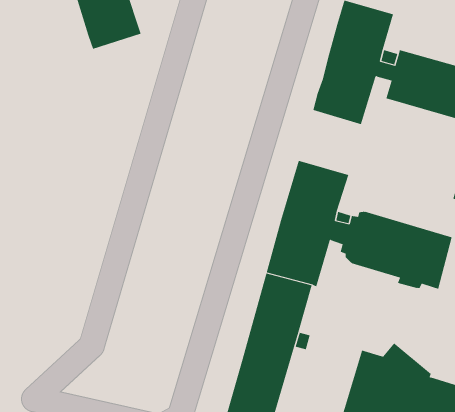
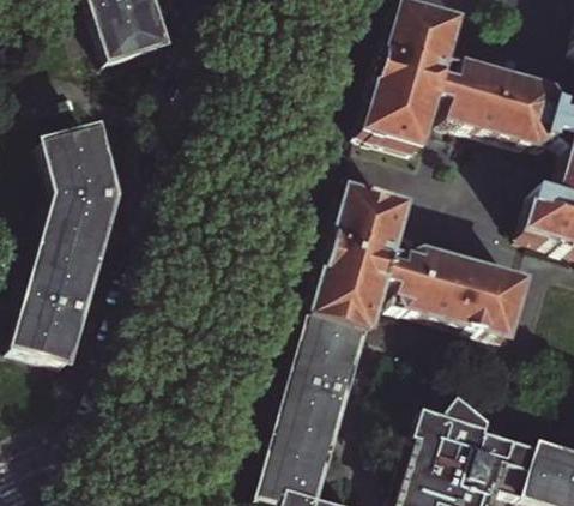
building: none -> [17,126,127,360]

